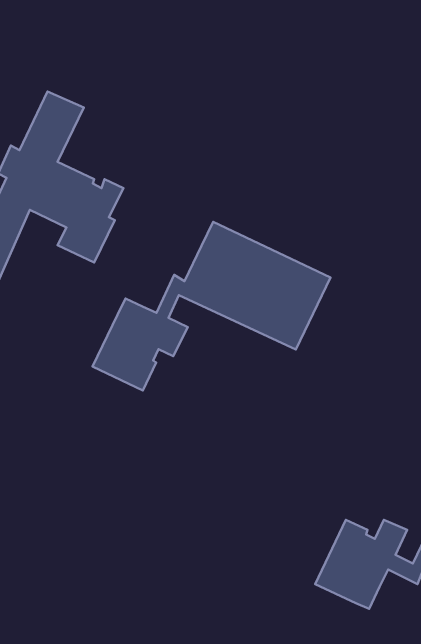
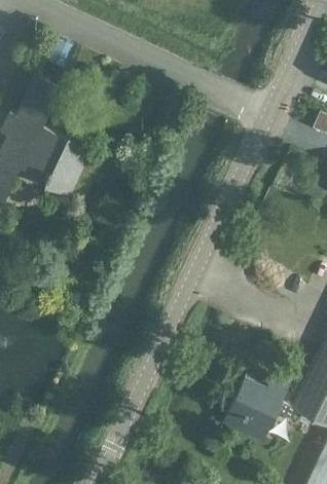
building: [93,222,331,390] -> none

